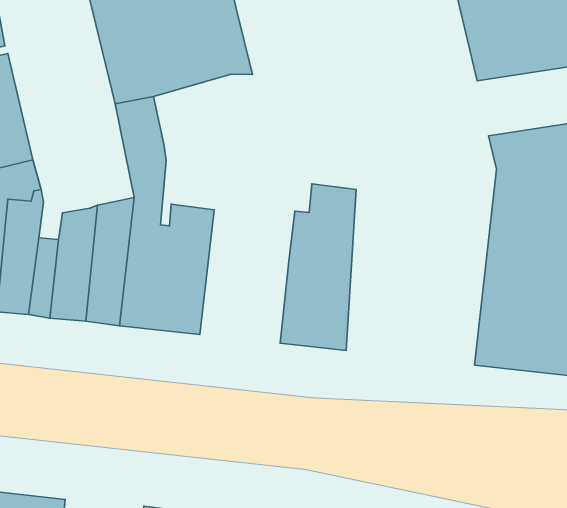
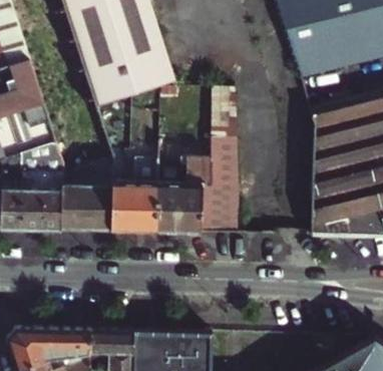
building: none -> [213,86,238,143]
building: none -> [157,158,205,233]

